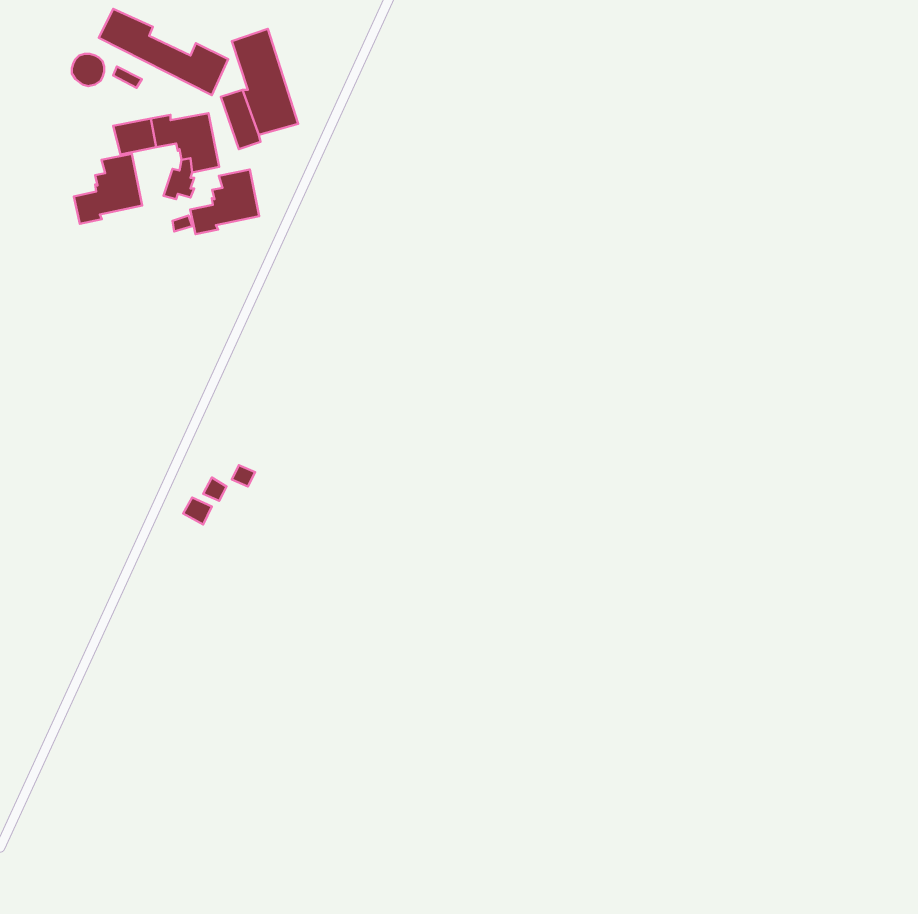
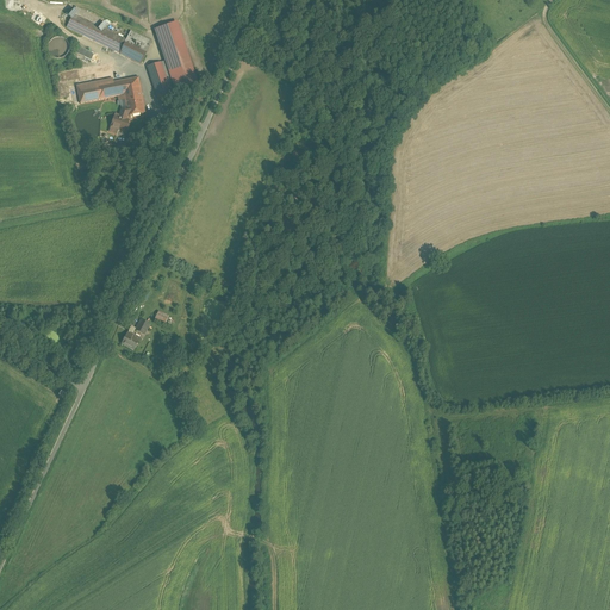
building: [74,154,142,224] -> none
building: [190,170,259,234] -> none

